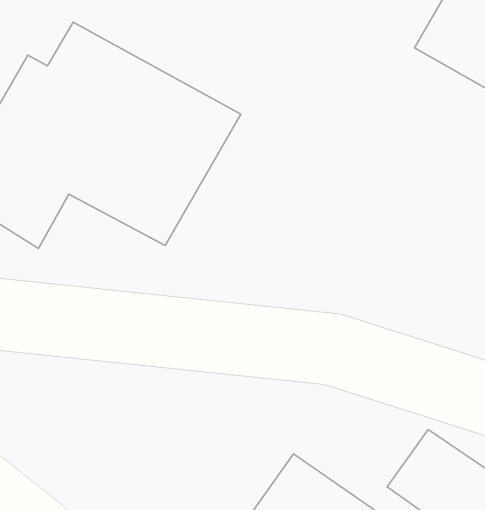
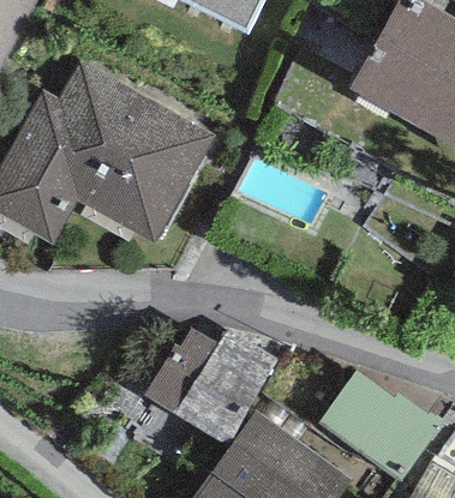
building: none -> [148,325,276,442]

